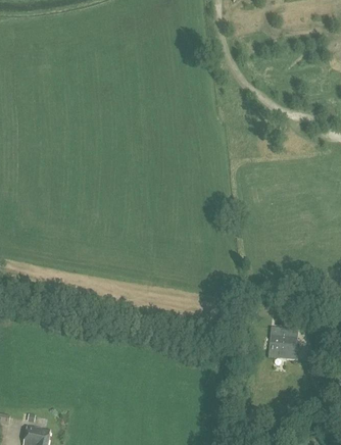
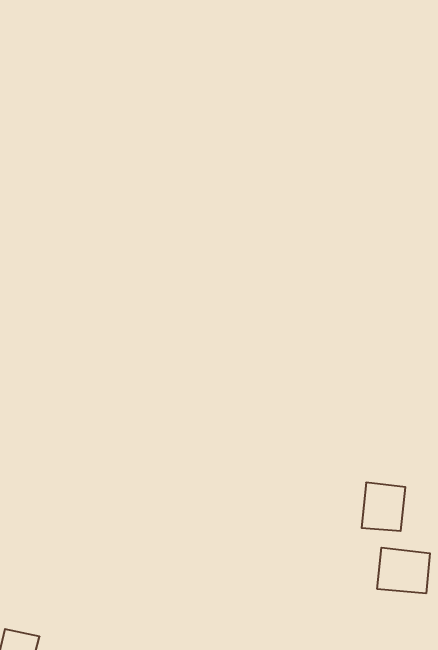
building: none -> [377,548,430,593]

